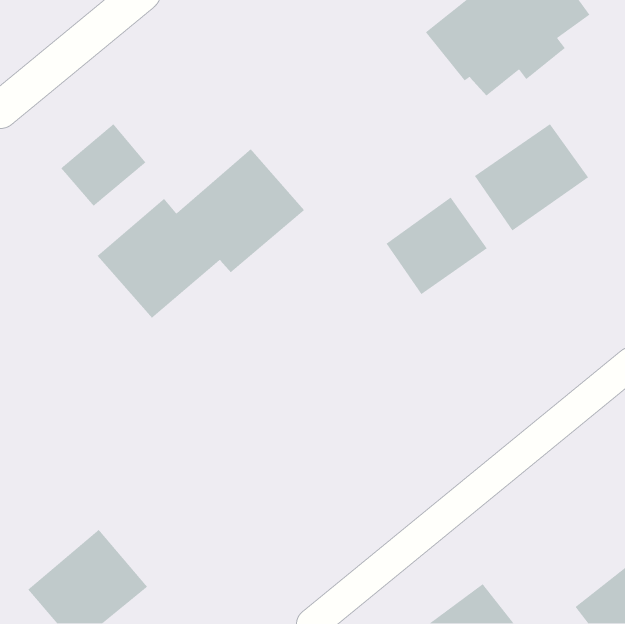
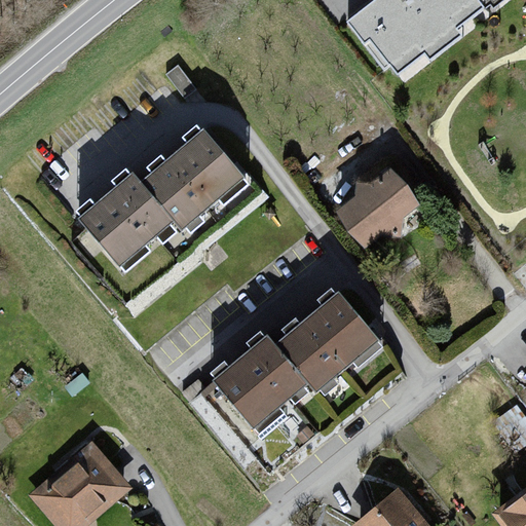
building: [60,123,147,207] -> none
building: [474,123,589,232] -> none
building: none -> [202,291,378,437]

